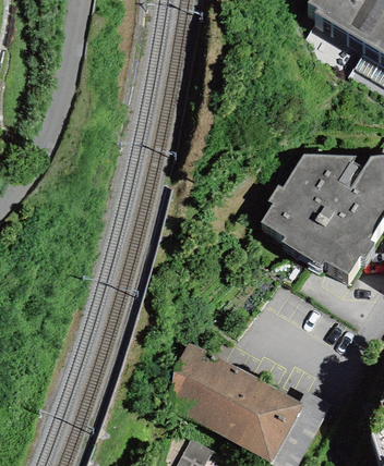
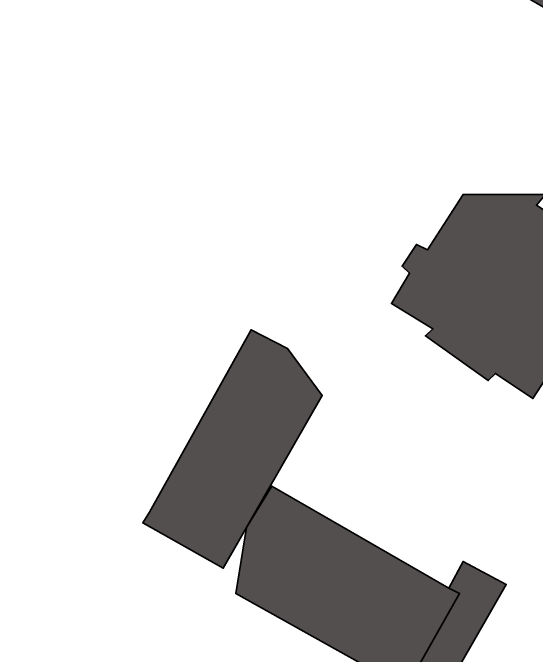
building: none -> [143,330,322,568]

